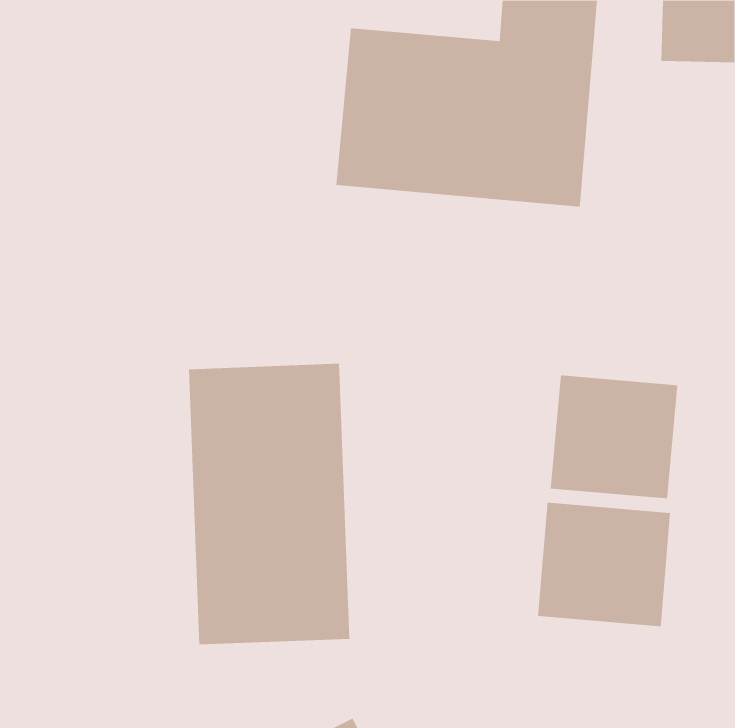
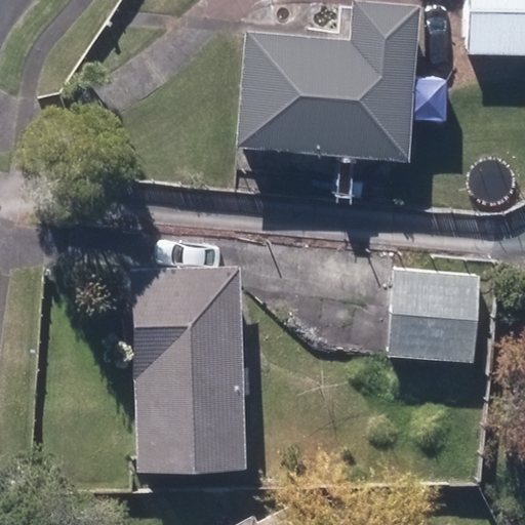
building: [538,502,671,627] -> none

